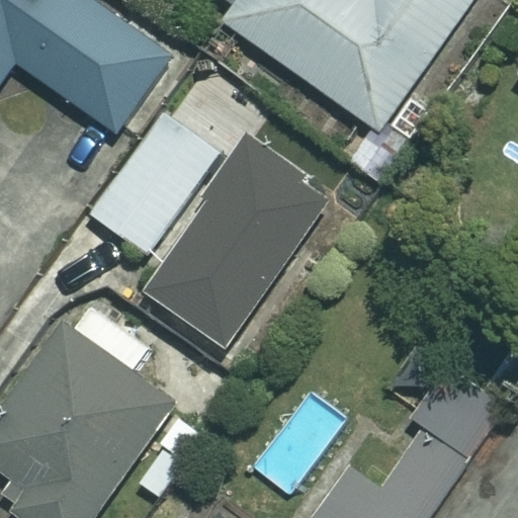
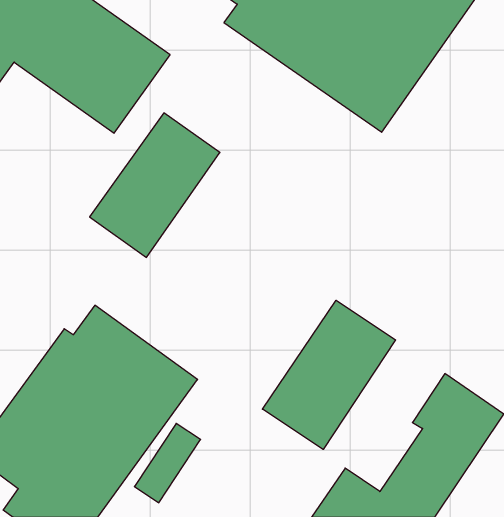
building: [148,139,327,347] -> none
building: none -> [262,300,396,449]

